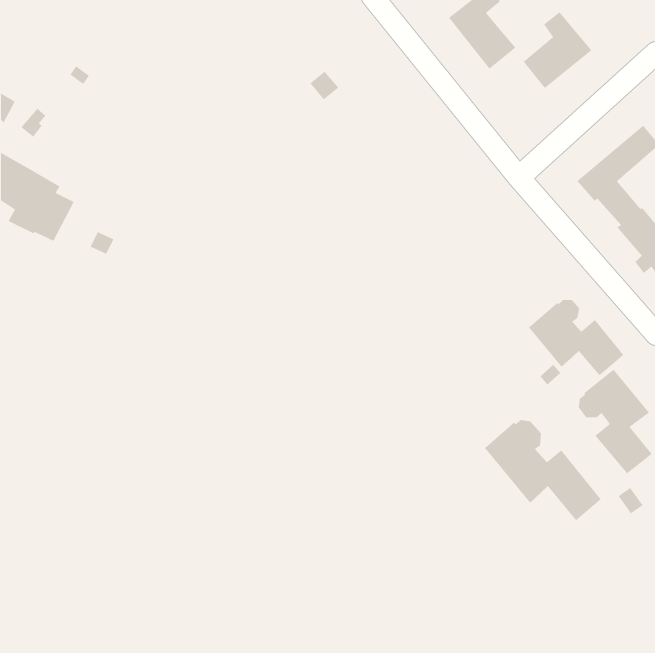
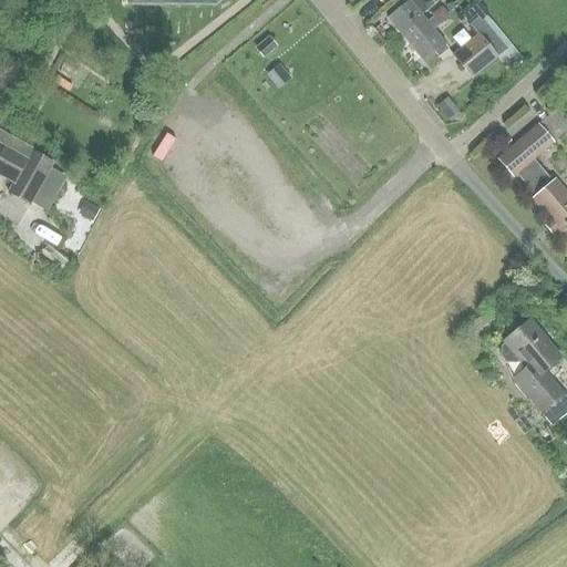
building: [528,299,624,376] -> none
building: [484,419,602,521] -> none

